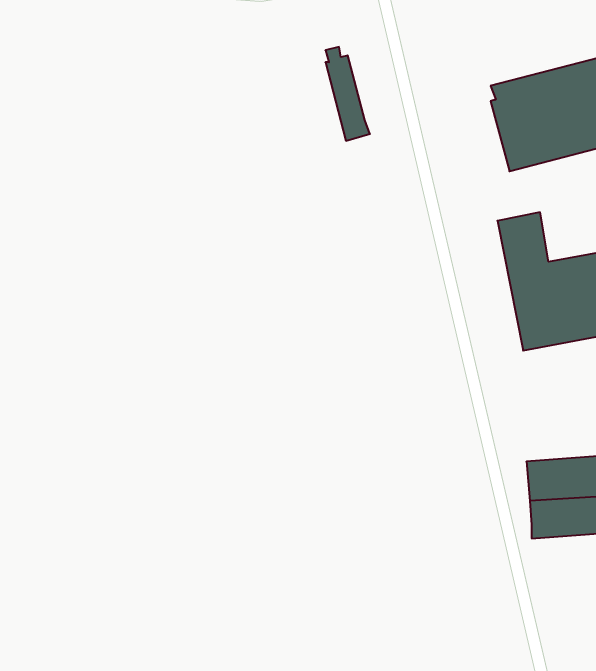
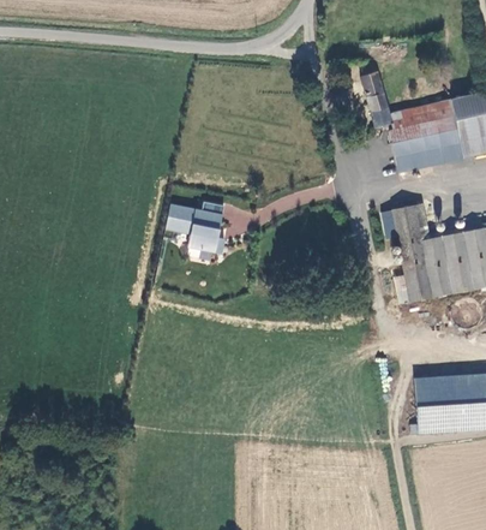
building: [325,47,370,141] -> [361,62,392,129]
building: none -> [166,201,226,254]

